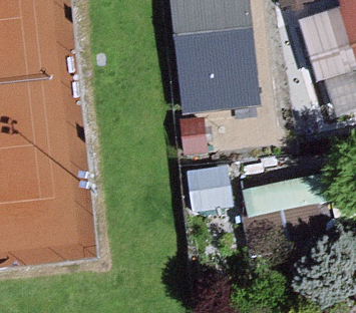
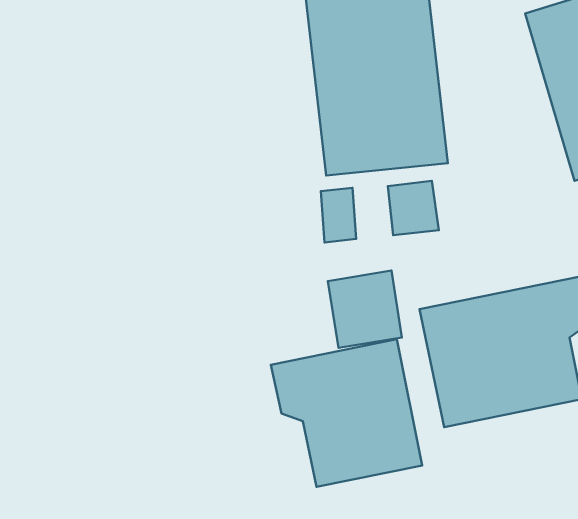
building: none -> [271,339,422,487]

